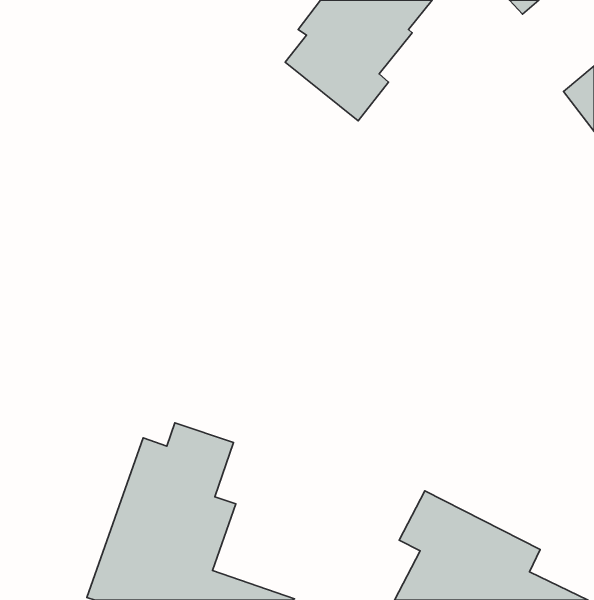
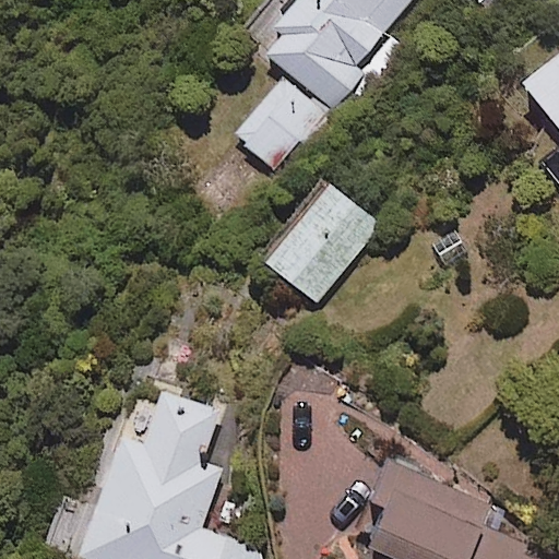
building: none -> [233,81,322,171]
building: none -> [263,183,380,305]

